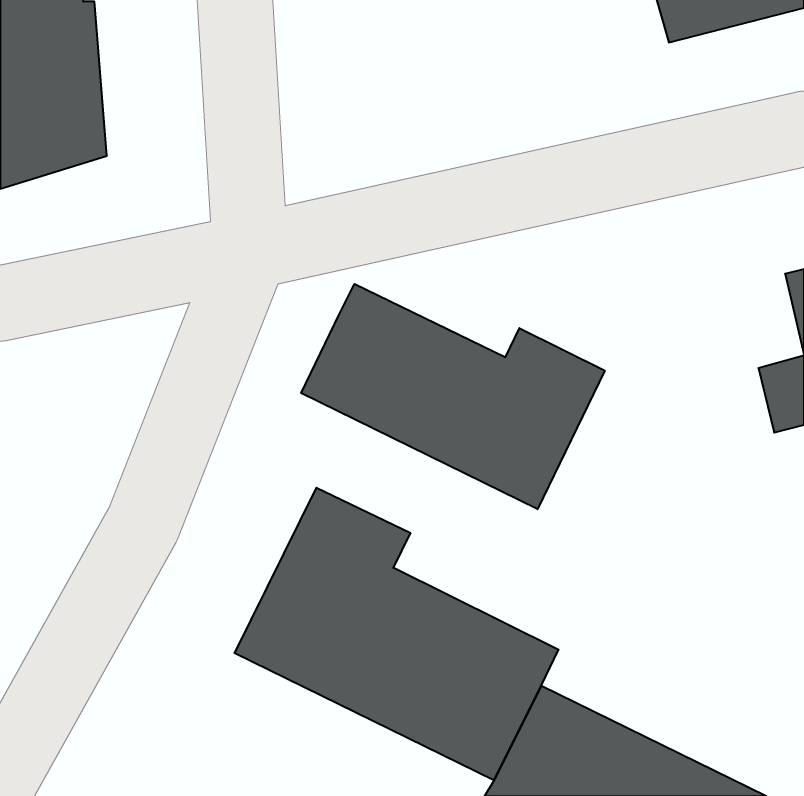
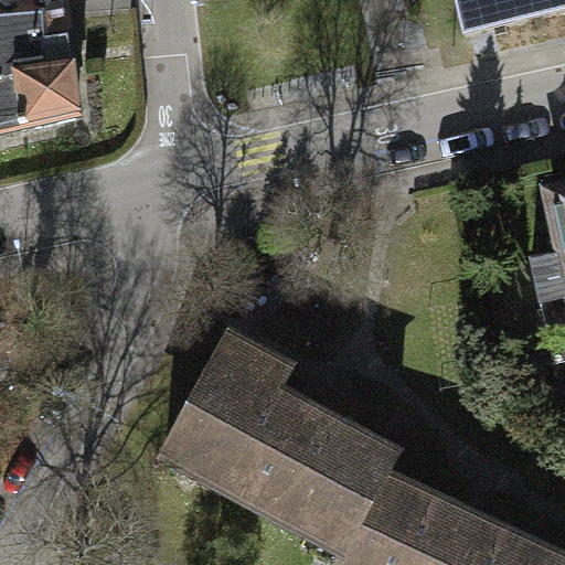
building: [301,284,605,509] -> none

